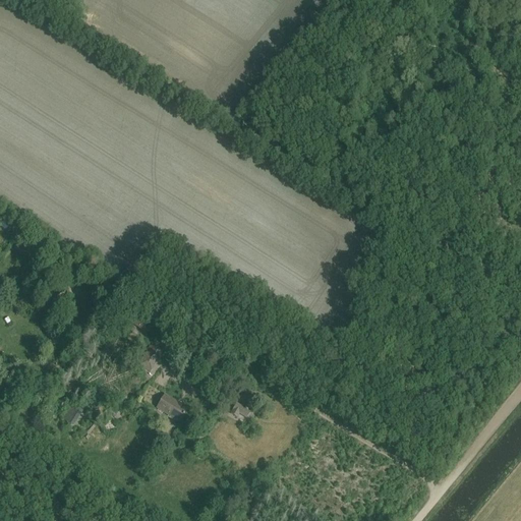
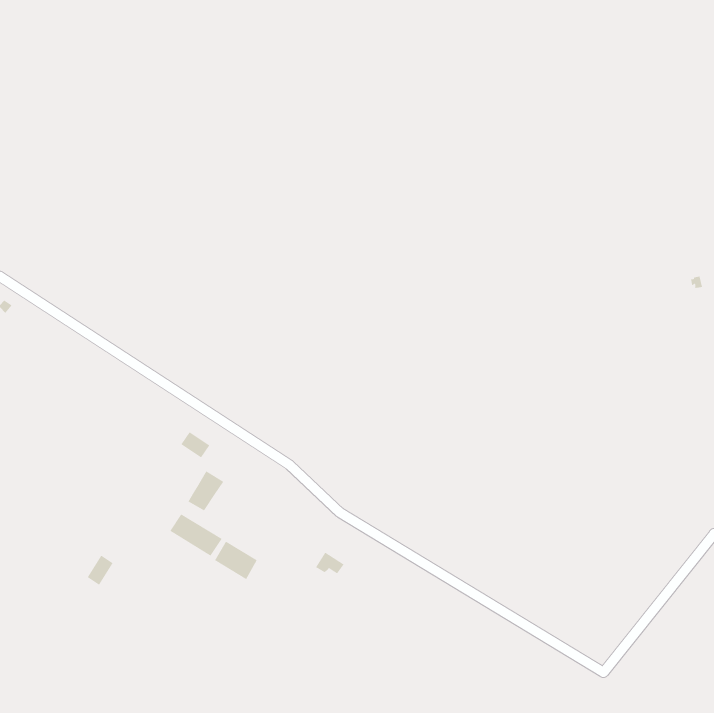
building: none -> [169,513,222,556]

